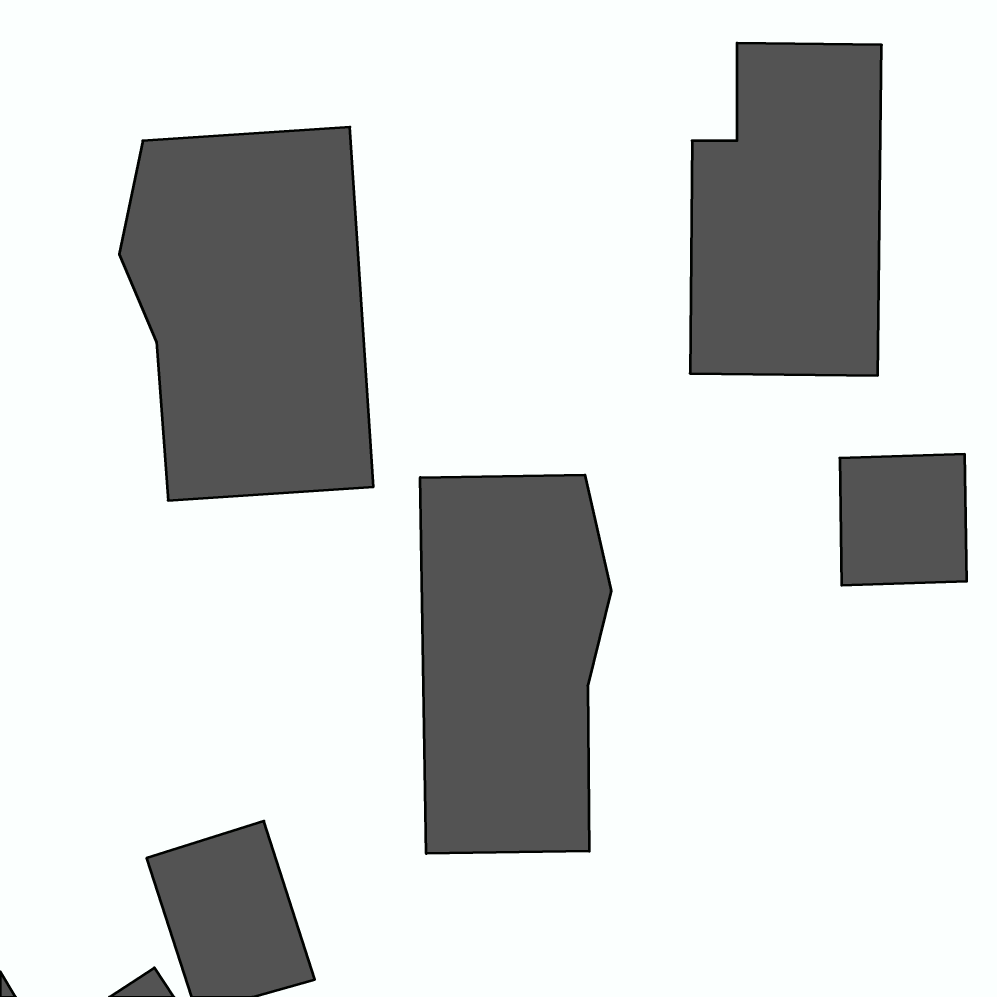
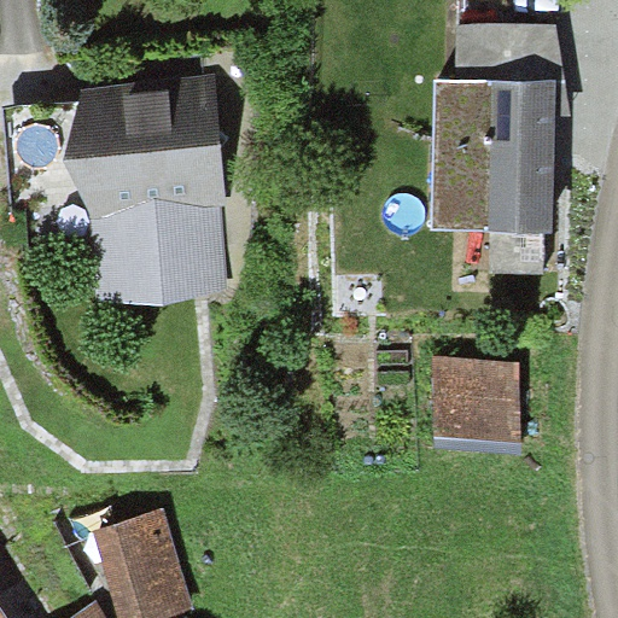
building: [840,454,967,585] -> [430,366,508,447]
building: [420,475,611,854] -> none

